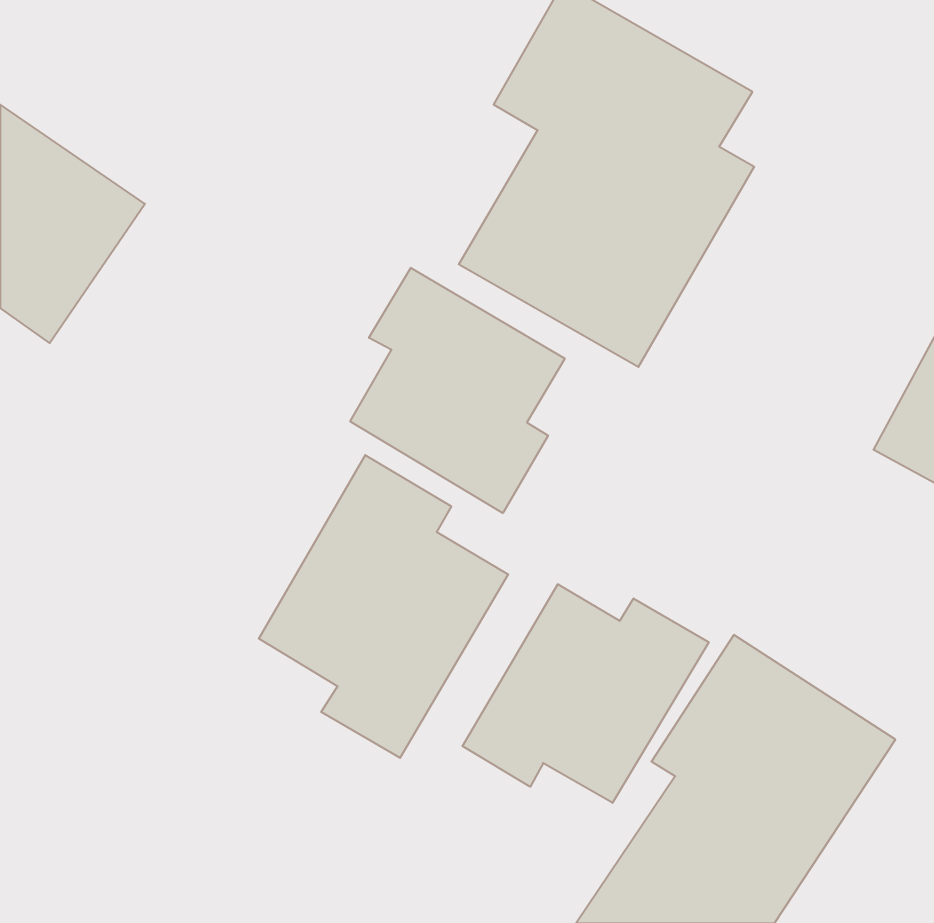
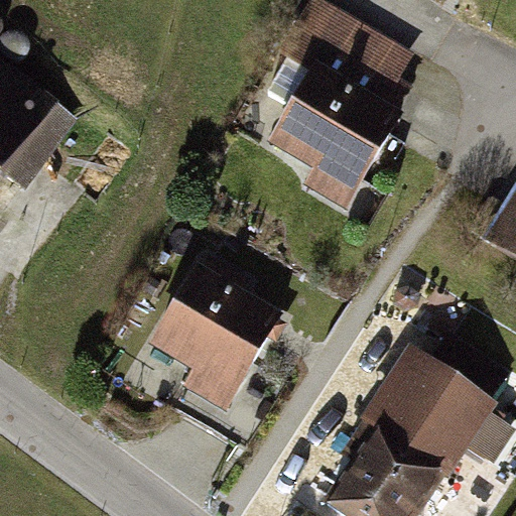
building: [350,268,565,513] -> none
building: [462,584,709,803] -> none

